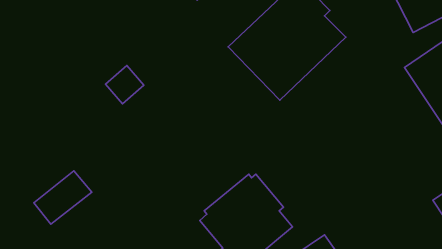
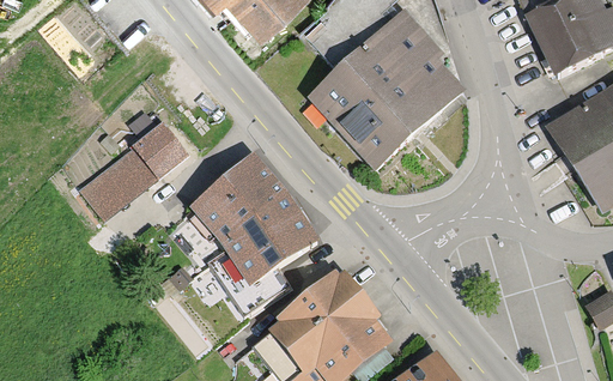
building: none -> [175,152,321,286]
building: [34,171,92,224] -> [78,141,156,213]

